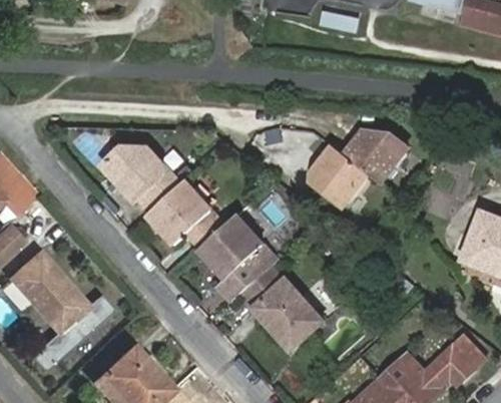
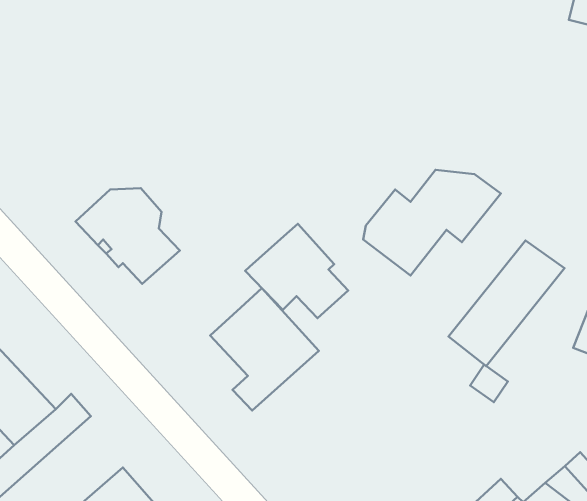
building: none -> [449,241,565,366]
building: [146,182,220,251] -> [245,224,348,318]
building: [253,282,322,351] -> none

